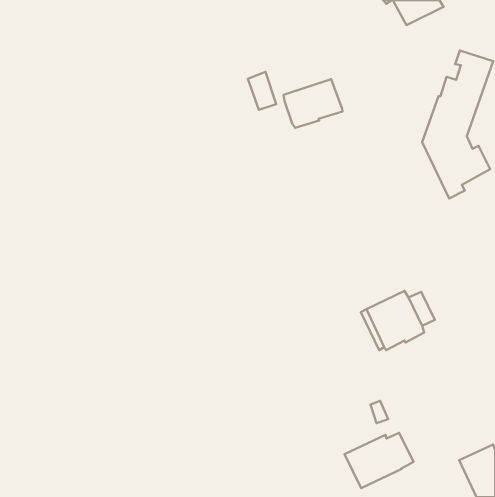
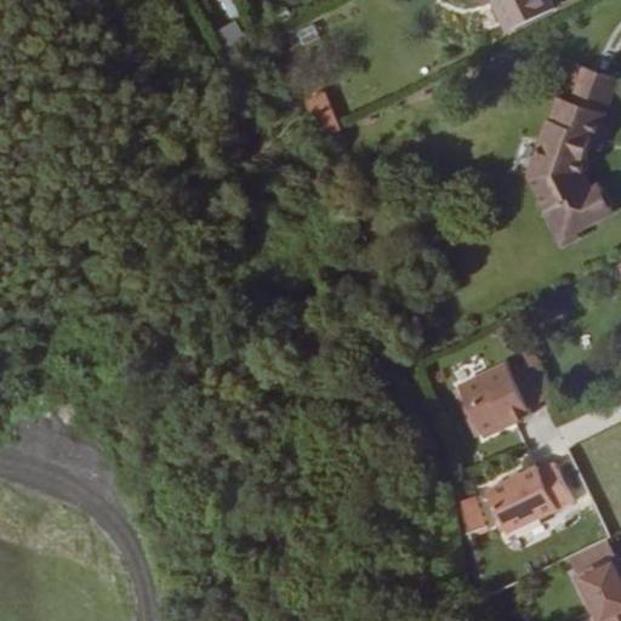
building: [283,79,342,128] -> none
building: [345,433,414,488] -> [485,463,571,532]

